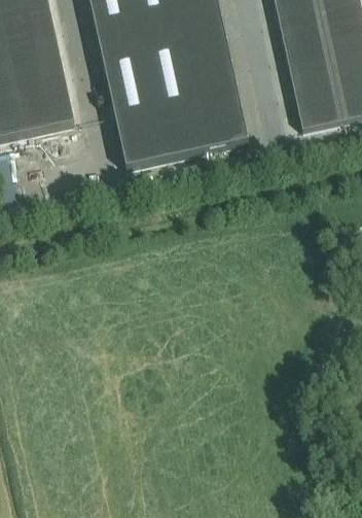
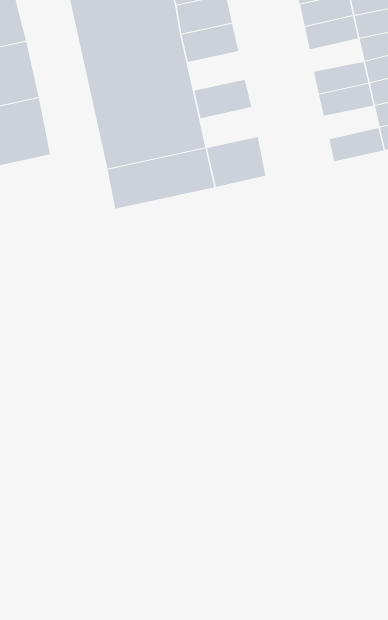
building: [284,32,328,59] -> none
building: [185,42,232,74] -> none
building: [295,87,340,113] -> none
building: [195,88,243,120] -> none

